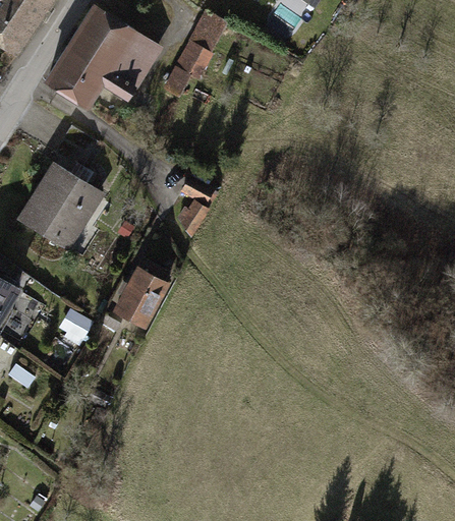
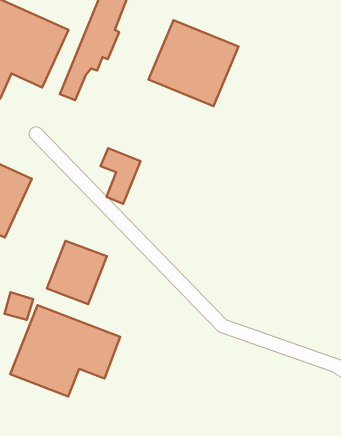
building: none -> [148,20,239,106]
building: none -> [10,305,120,397]

